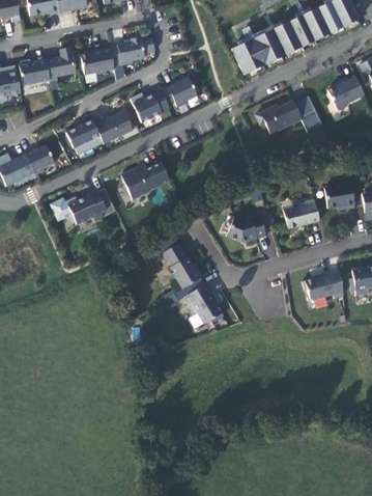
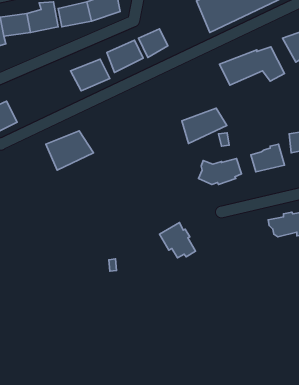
building: [61,119,102,155] -> none
building: [21,143,56,176] -> none
building: [121,161,170,199] -> [182,108,227,144]
building: [168,244,207,288] -> none

